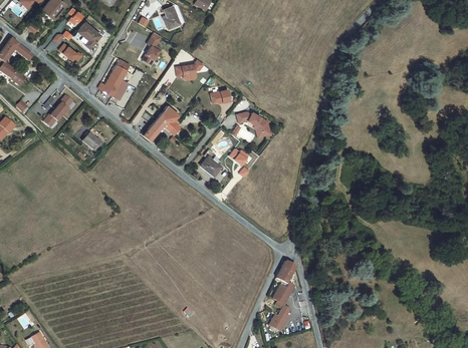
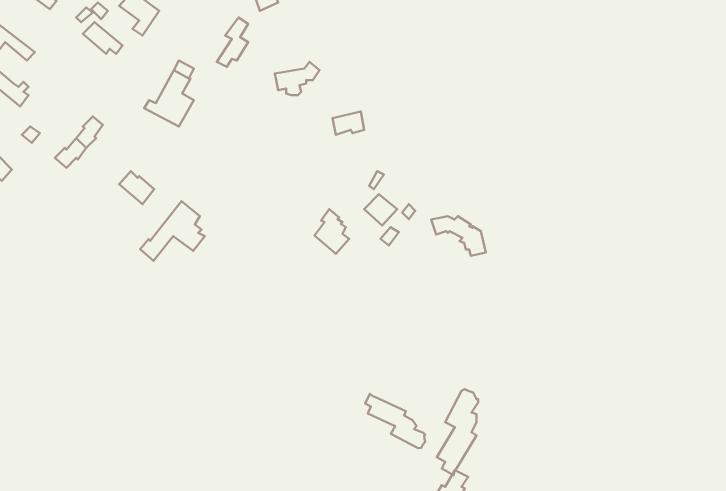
building: [140,104,179,140] -> [140,201,205,261]
building: [237,113,270,137] -> [431,216,486,256]
building: none -> [365,394,425,448]

